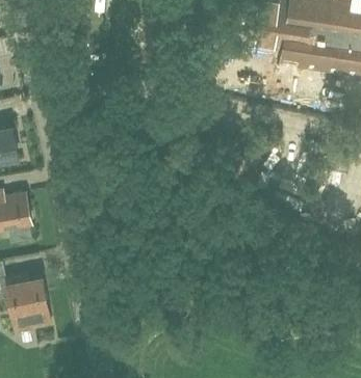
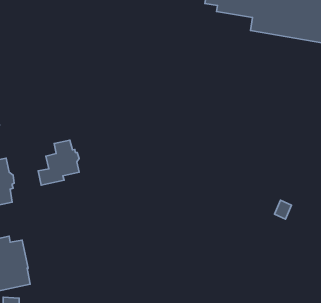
building: none -> [38,140,79,185]

